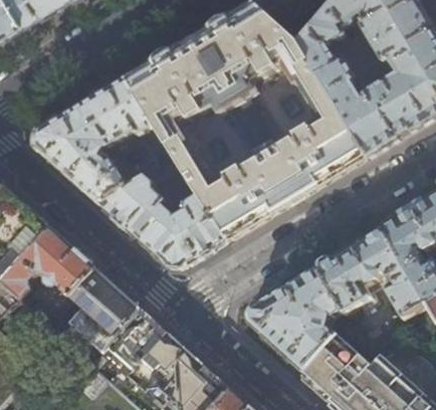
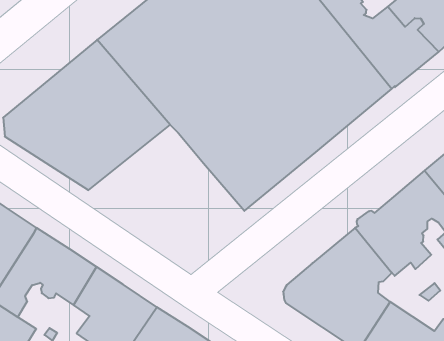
building: [97,157,225,264] -> none

